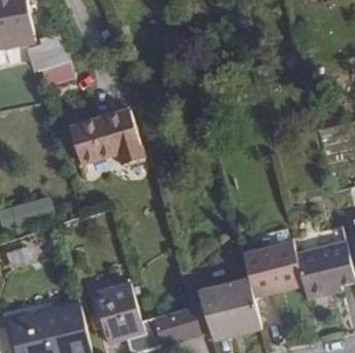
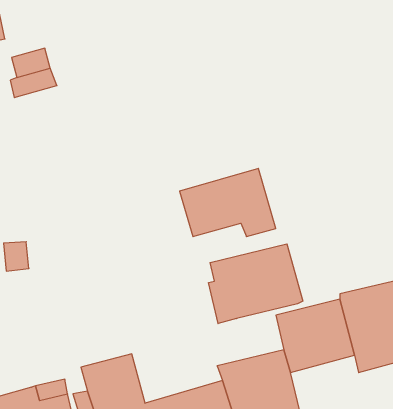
building: [69,110,143,163] -> [180,168,276,237]
building: none -> [209,244,303,324]

